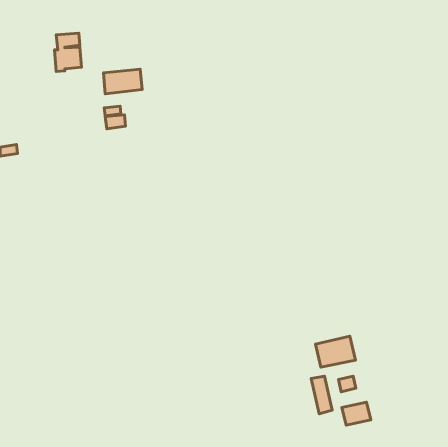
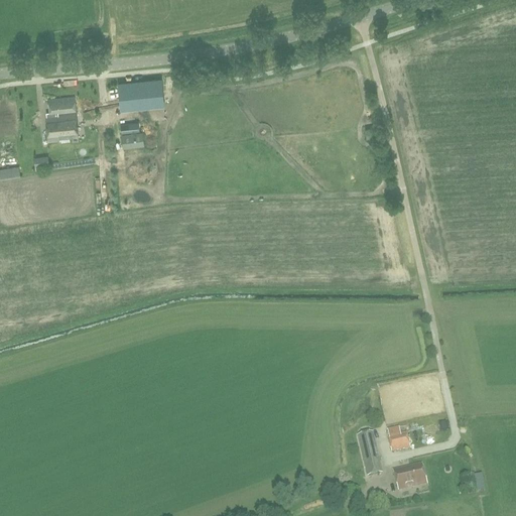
building: [54,33,82,72] -> [46,97,78,141]
building: [315,336,356,367] -> none

